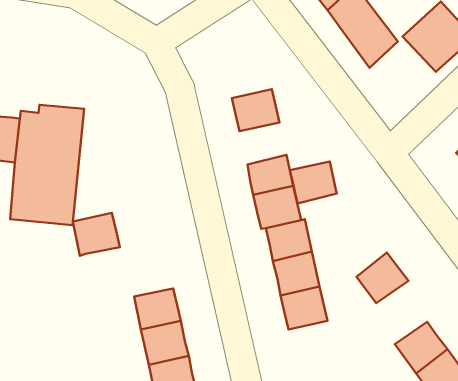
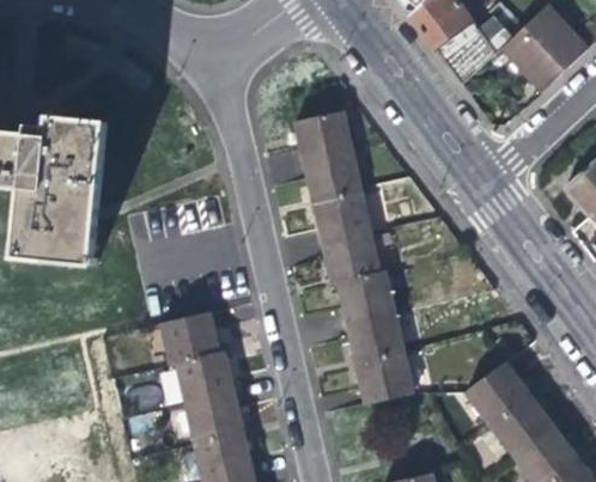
building: [290,161,337,203] -> [304,151,361,202]
building: [73,213,120,256] -> [159,313,217,366]
building: [357,252,408,303] -> [470,360,534,422]

